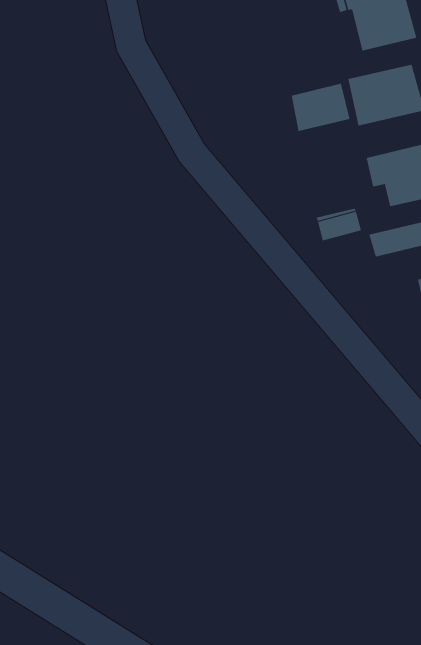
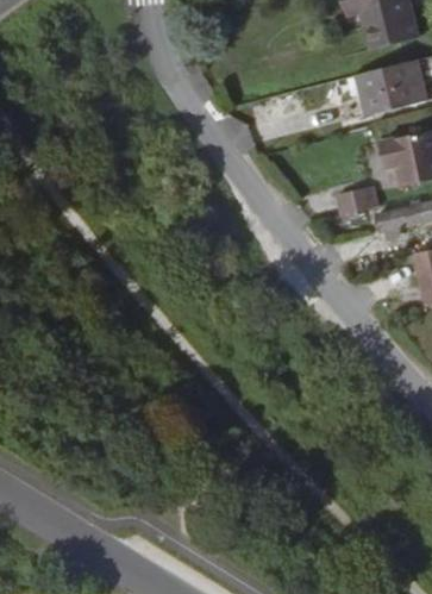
building: [291,83,350,132] -> none

